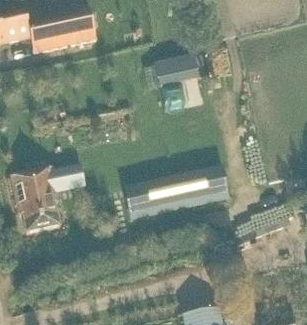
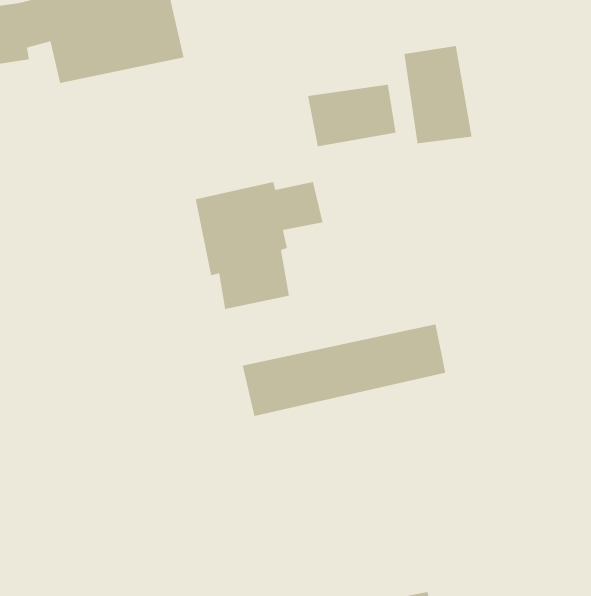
building: none -> [404,45,472,144]
building: [11,166,76,231] -> [195,181,323,310]

